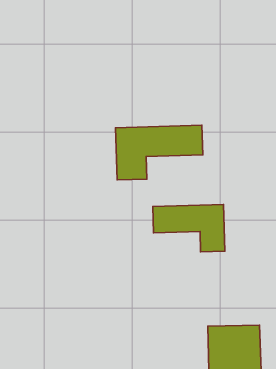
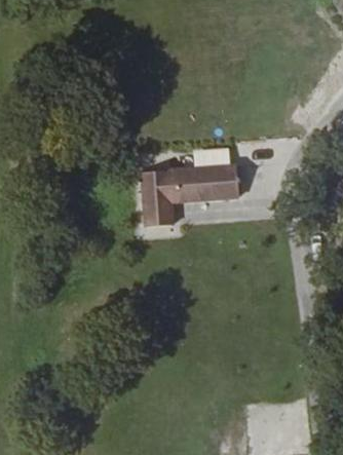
building: [153,204,225,252] -> none

